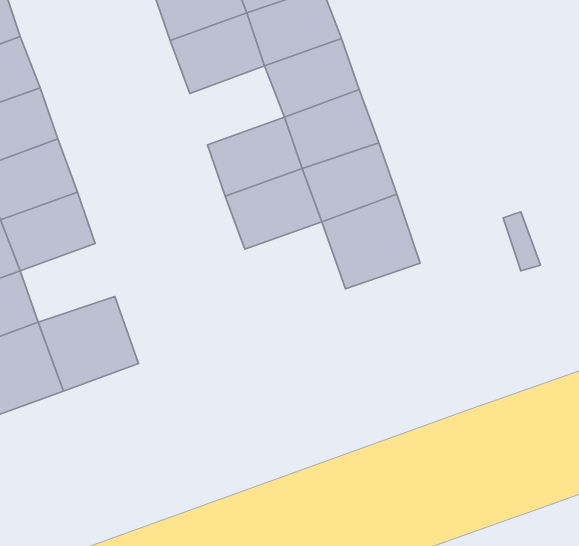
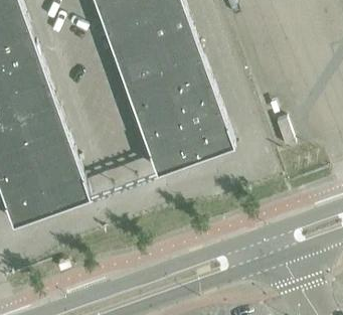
building: none -> [116,47,164,88]
building: none -> [144,127,195,175]
building: none -> [29,138,77,178]

